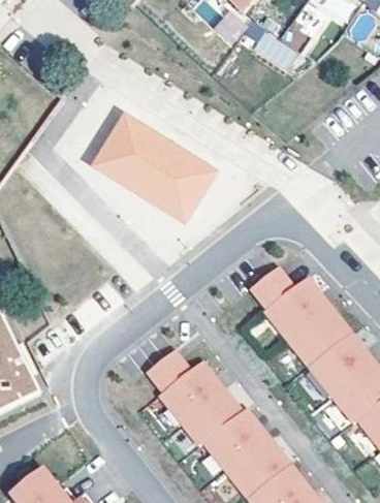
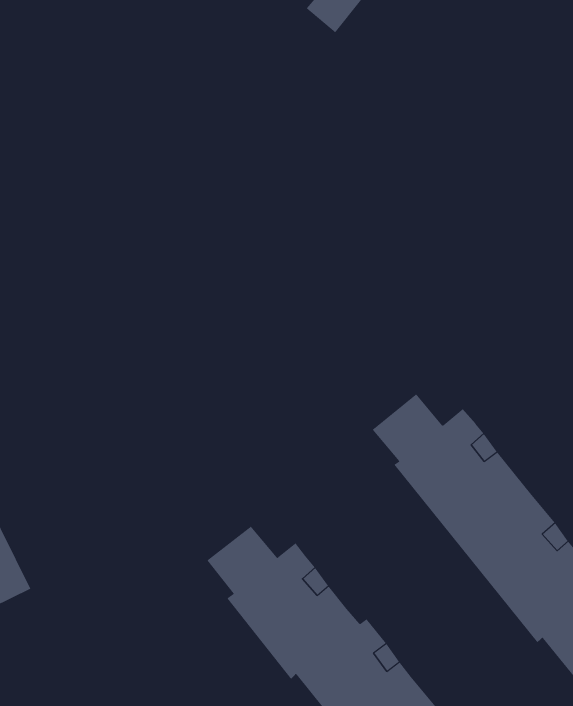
building: [251,31,296,67] -> none
building: [88,111,216,220] -> none

